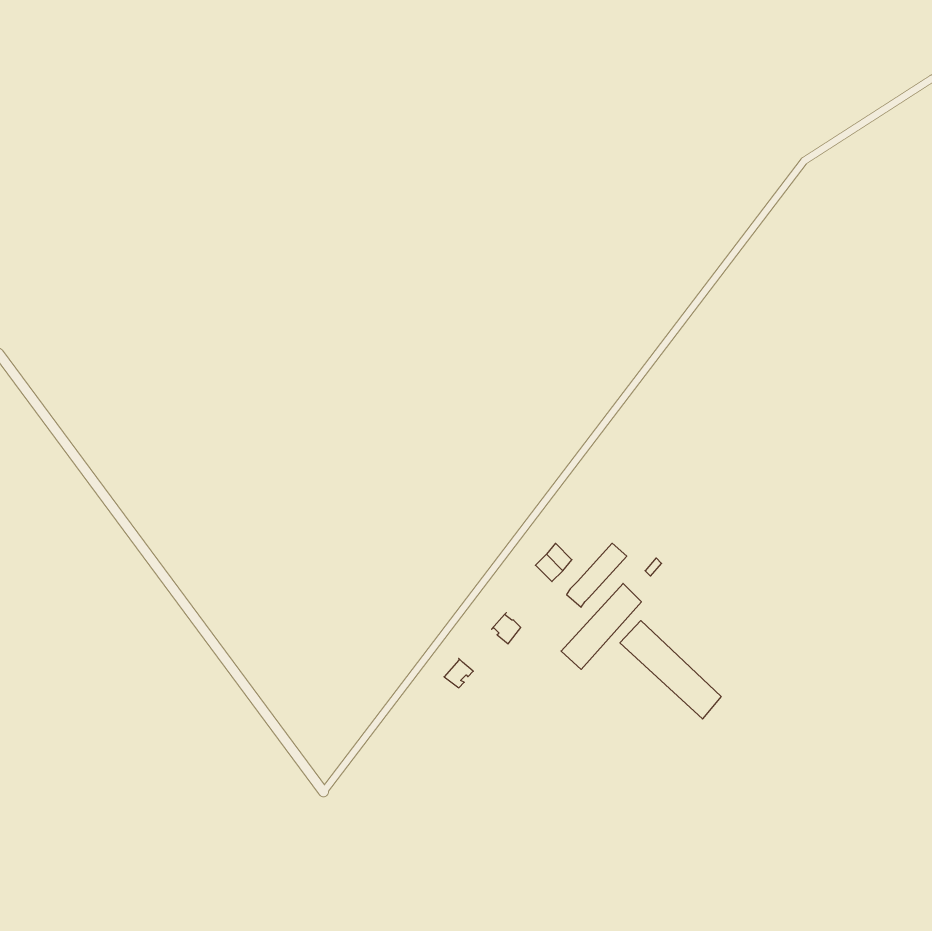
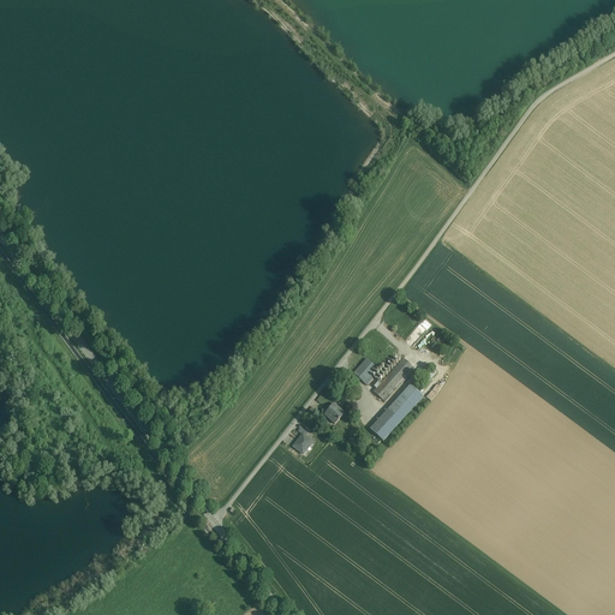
building: [620,621,721,719] -> none

